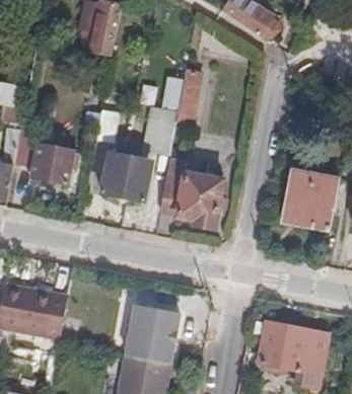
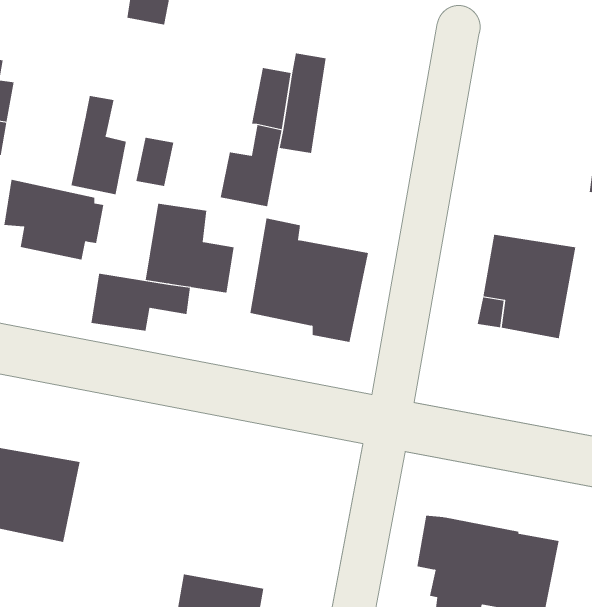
building: none -> [71,95,127,195]
building: none -> [91,273,191,332]
building: [123,306,177,364] -> none

